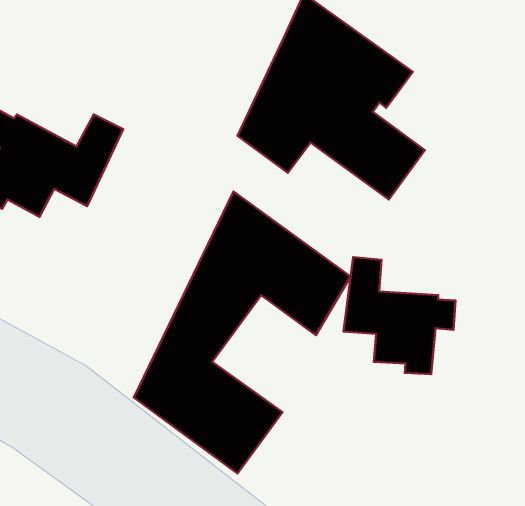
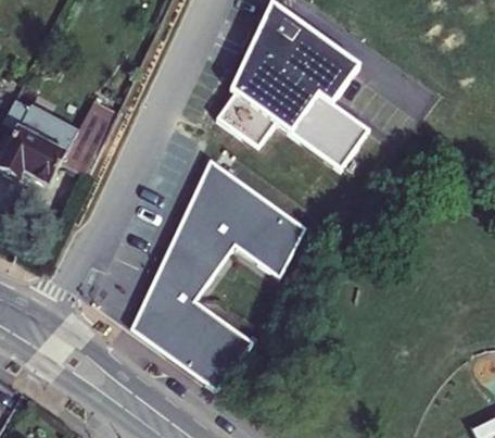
building: [344,257,455,374] -> none

